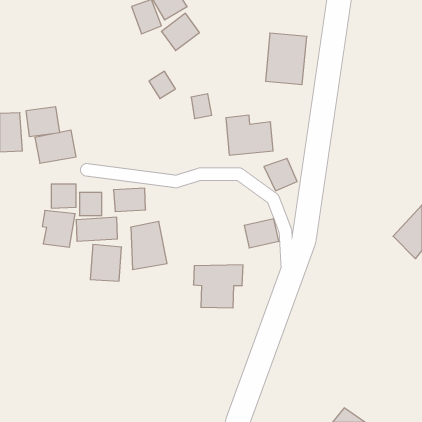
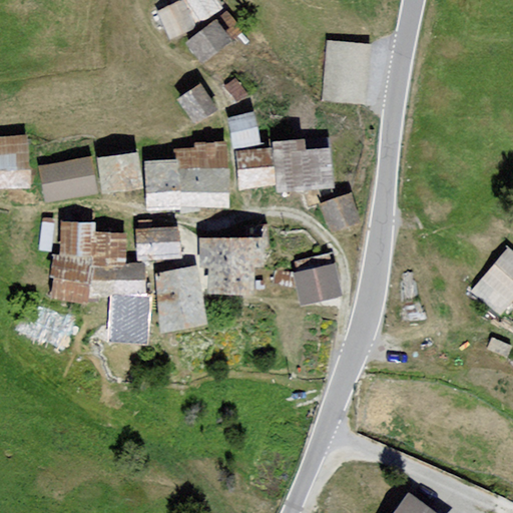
building: [26,107,60,137] -> [99,152,140,188]
building: none -> [146,144,222,202]
building: none -> [237,148,272,183]
building: [193,265,243,308] -> [201,238,262,291]

